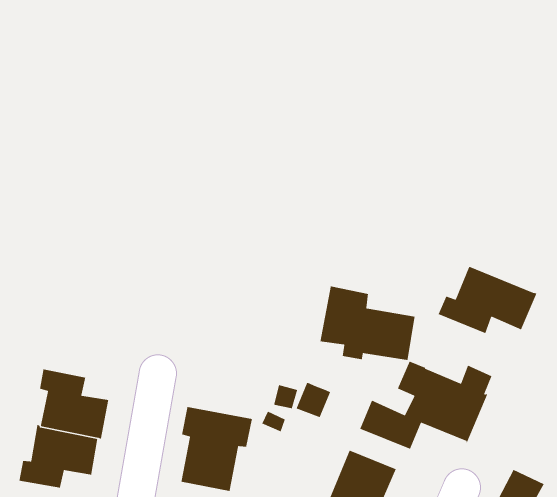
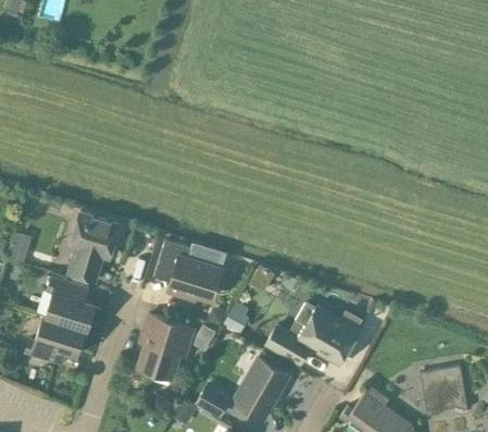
building: [438,266,537,334] -> none
building: none -> [67,211,121,282]
building: [320,286,415,361] -> [153,239,222,298]

